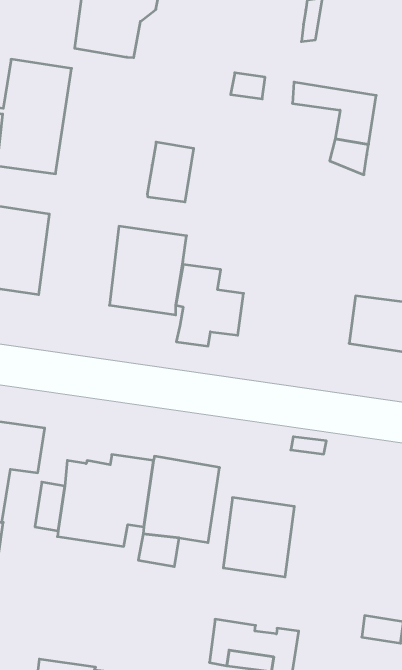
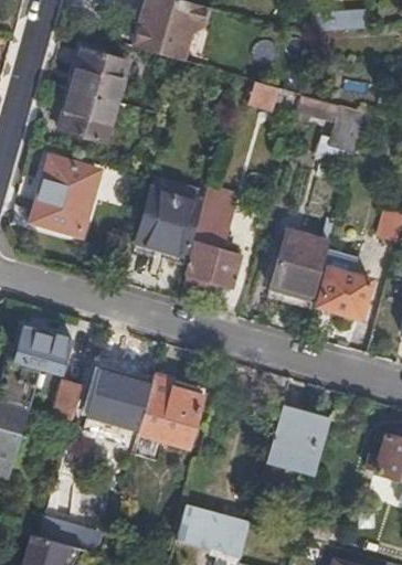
building: [147,142,194,202] -> [197,183,237,233]
building: none -> [271,231,329,299]
building: [223,498,294,577] -> [268,404,330,471]

